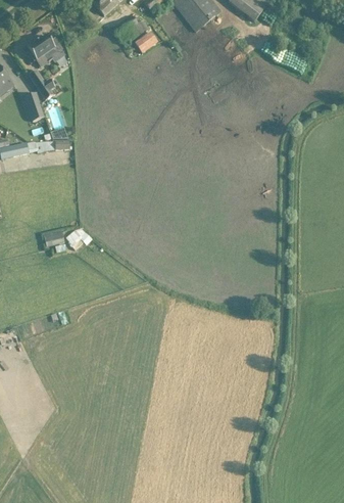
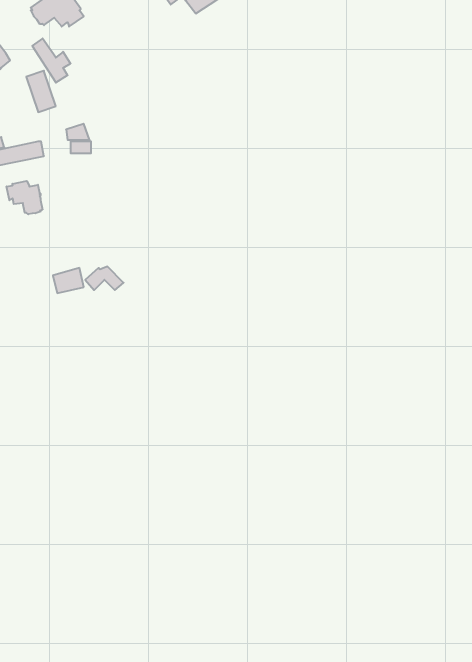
building: none -> [7,181,42,214]

